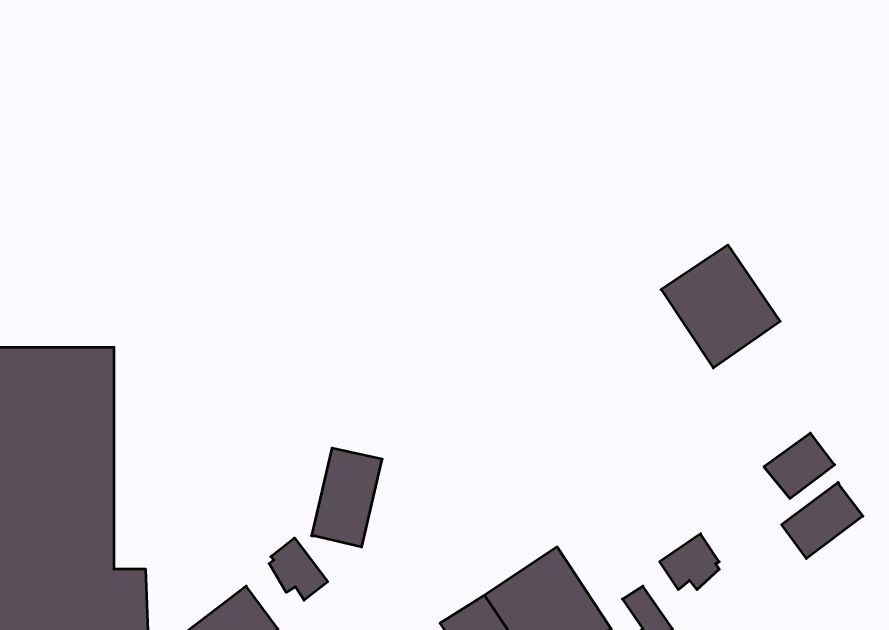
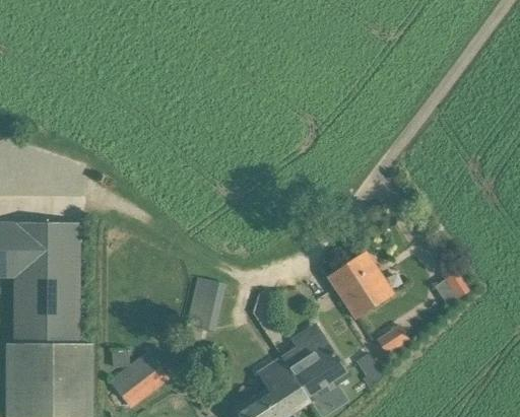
building: [661,245,780,368] -> [326,252,391,319]
building: [782,482,863,559] -> none
building: [269,538,328,600] -> none

